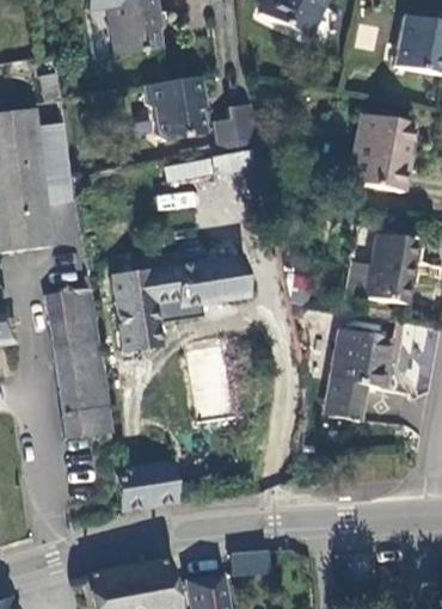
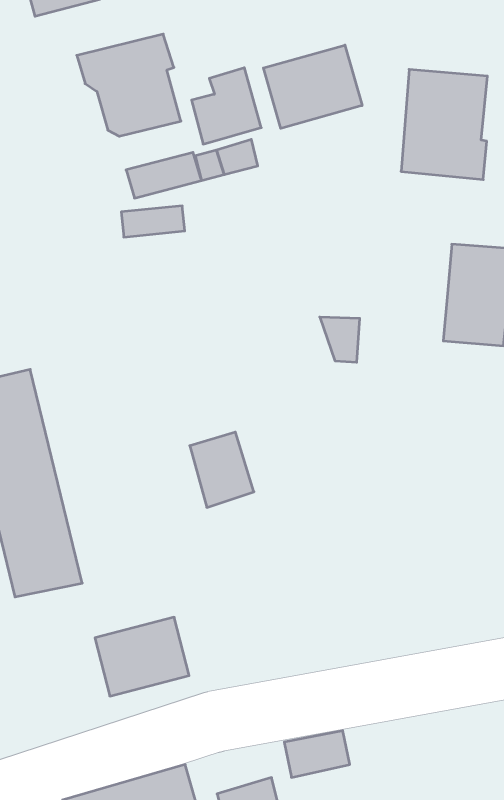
building: none -> [263,45,362,128]
building: [112,254,247,351] -> none
building: [331,328,393,422] -> none

